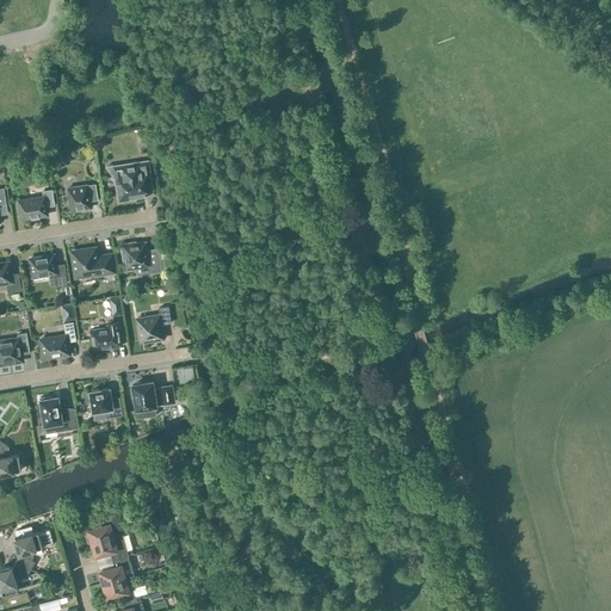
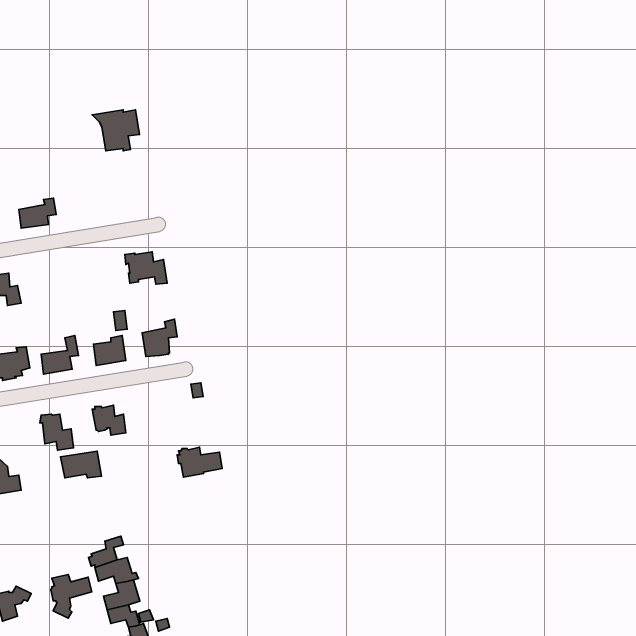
building: [105,162,150,202] -> [92,110,139,151]
building: [67,185,97,212] -> none
building: [72,249,113,277] -> none
building: [29,255,66,286] -> none
building: [130,382,173,411] -> [177,447,222,477]
building: none -> [60,451,101,478]
building: [13,527,53,569] -> [51,575,92,618]

